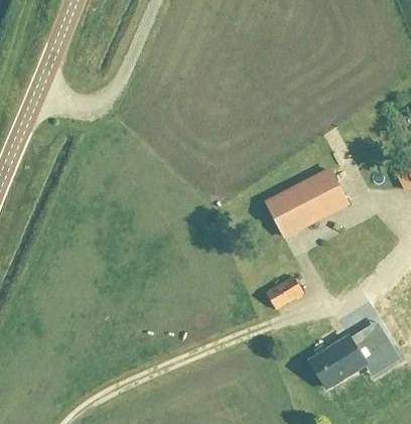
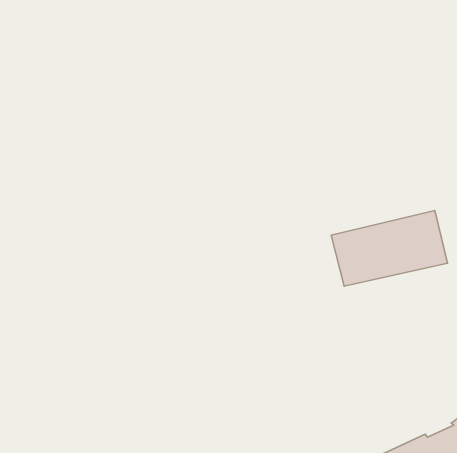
building: [266,275,303,308] -> none

